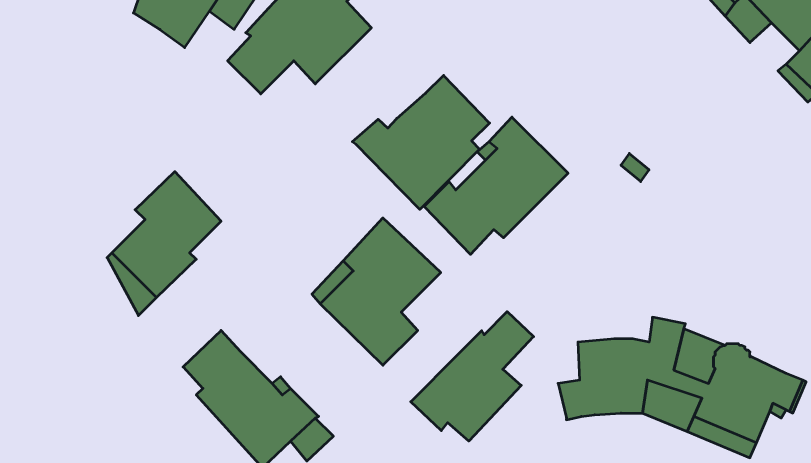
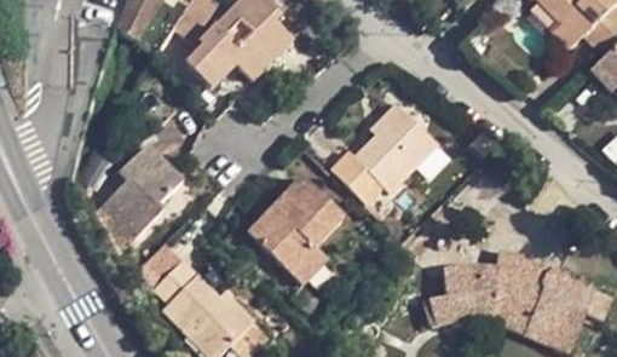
building: [352,75,490,209] -> none
building: [411,312,534,441] -> none

